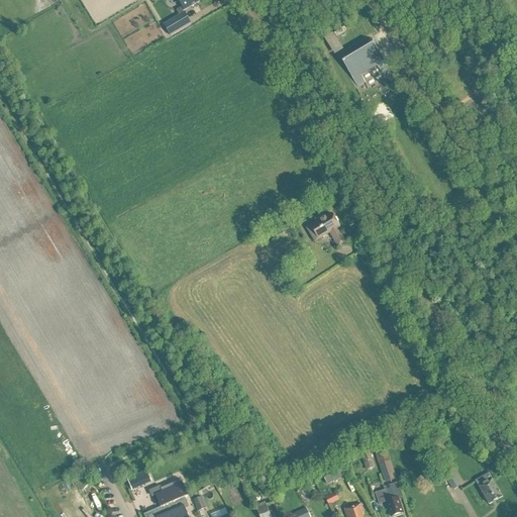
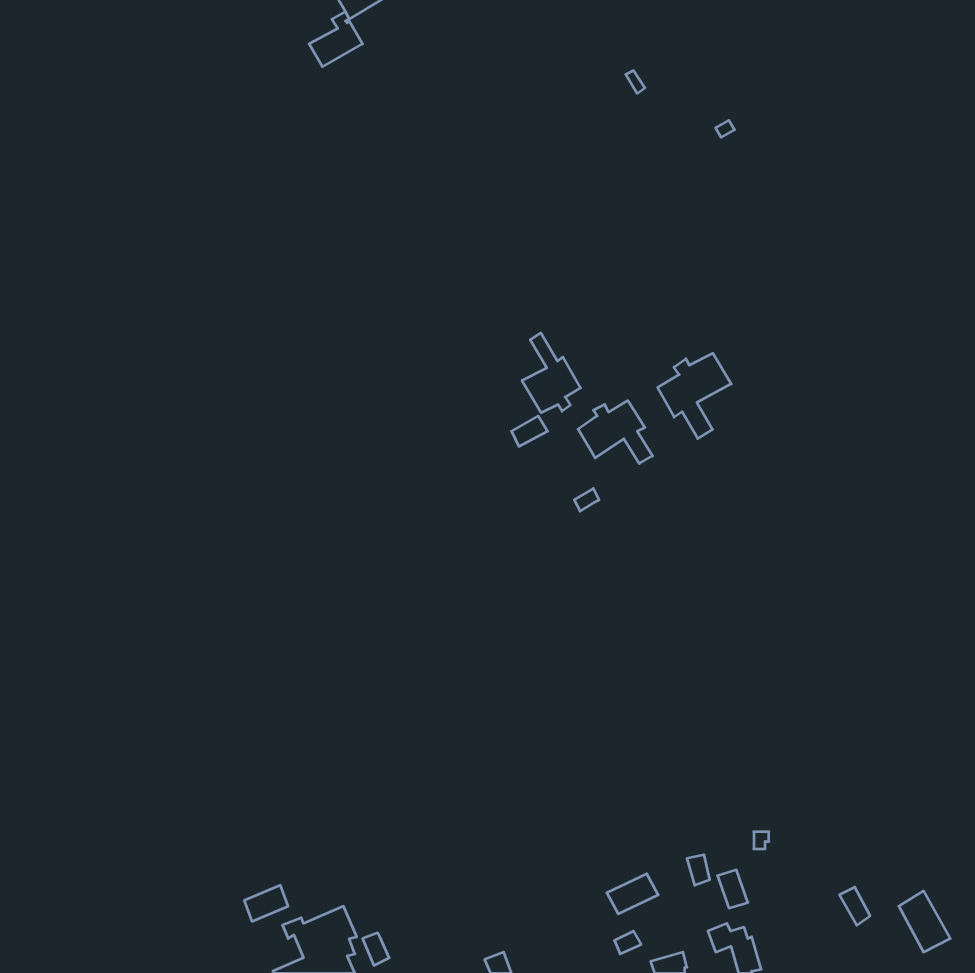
building: [340,38,383,87] -> none
building: none -> [522,333,581,413]
building: none -> [658,353,731,439]

